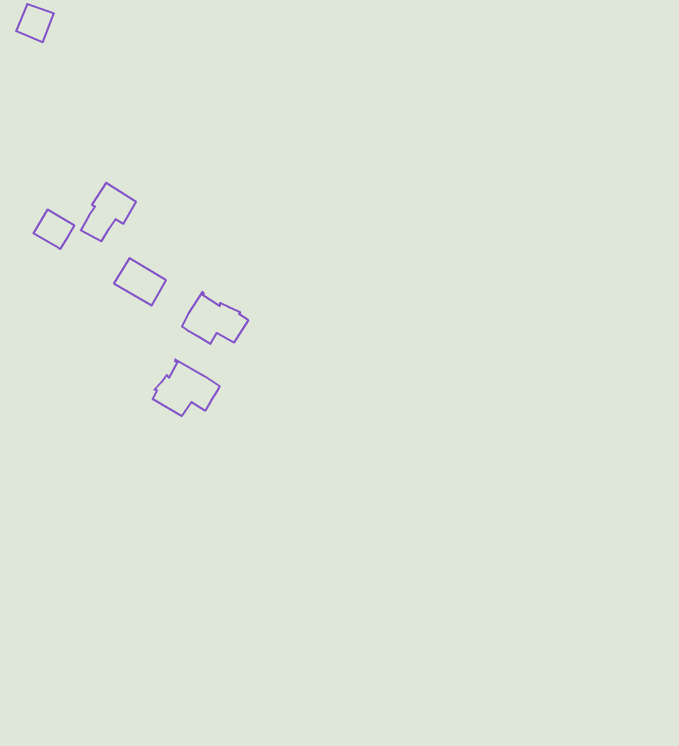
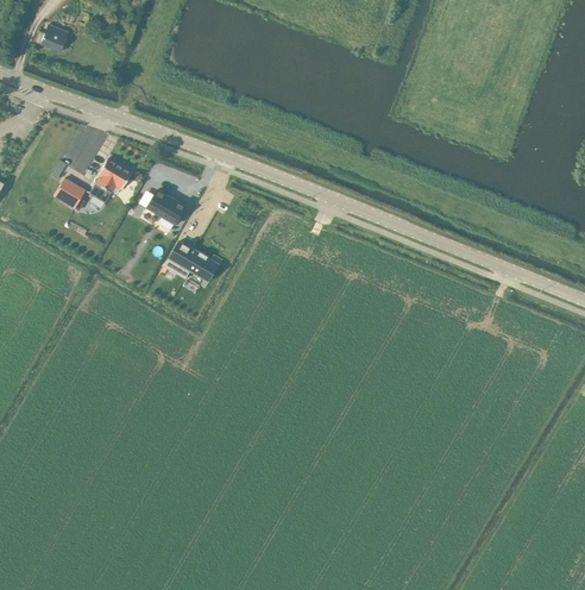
building: [114,258,166,306] -> [149,189,188,225]
building: [153,359,220,416] -> none

